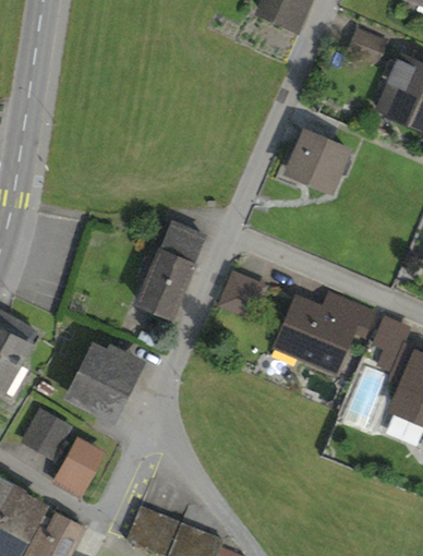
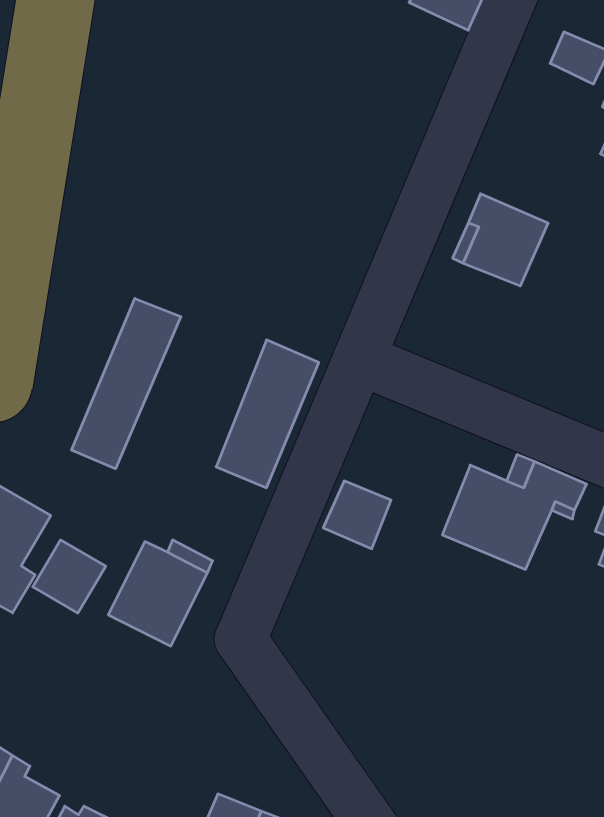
building: none -> [72,298,181,469]
building: [221,275,264,317] -> [323,481,391,549]
building: [24,411,70,457] -> [33,540,106,613]
building: [56,439,99,495] -> none

